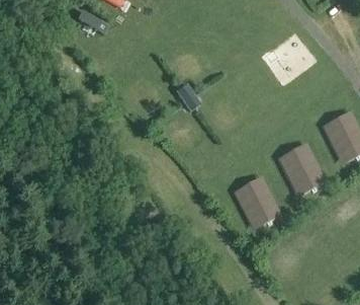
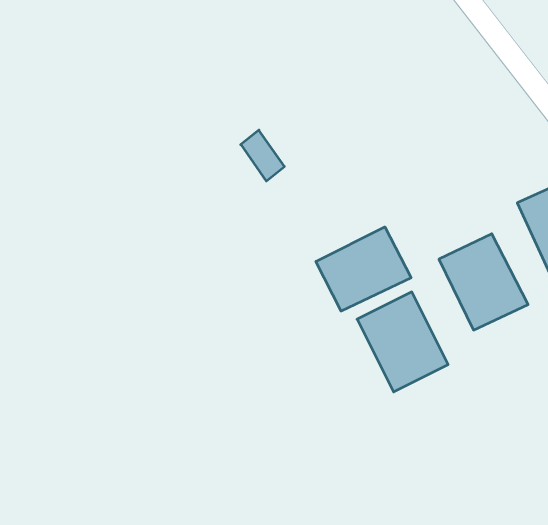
building: none -> [316,227,411,311]

